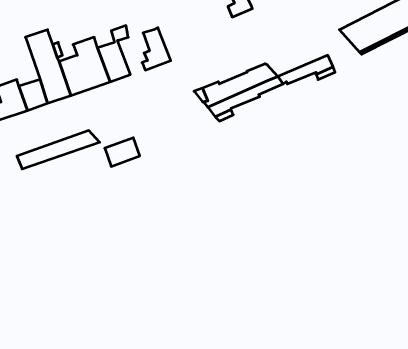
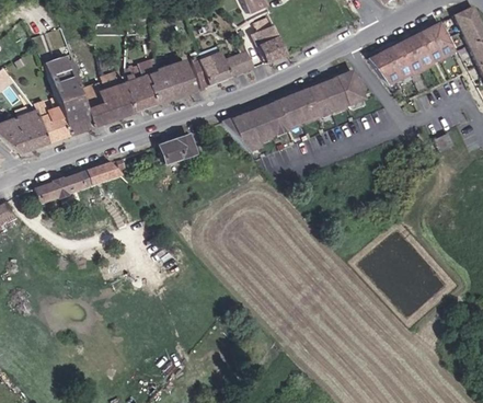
building: none -> [258,36,287,62]
building: none -> [188,39,254,88]
building: none -> [140,61,173,104]
building: none -> [292,69,357,106]
building: [105,138,140,166] -> [159,134,195,163]

